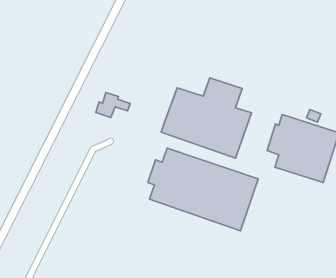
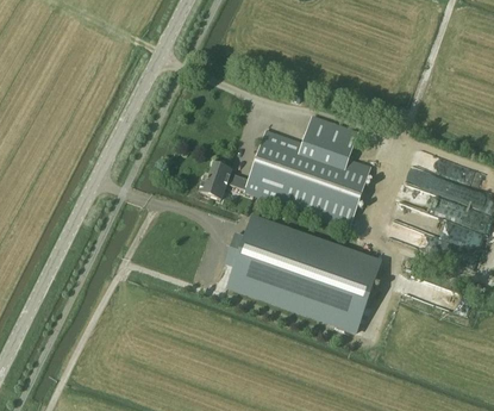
building: [96,92,130,118] -> [199,162,248,198]

